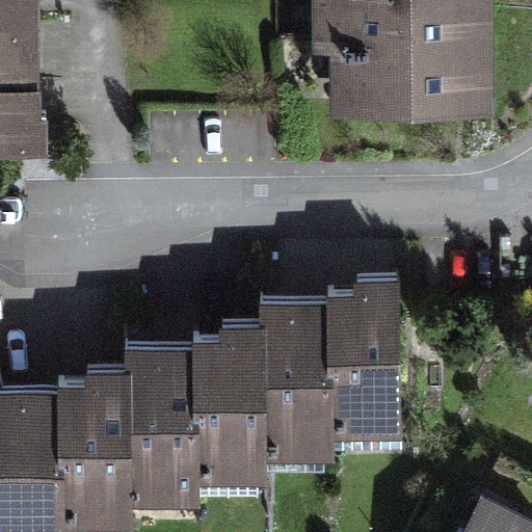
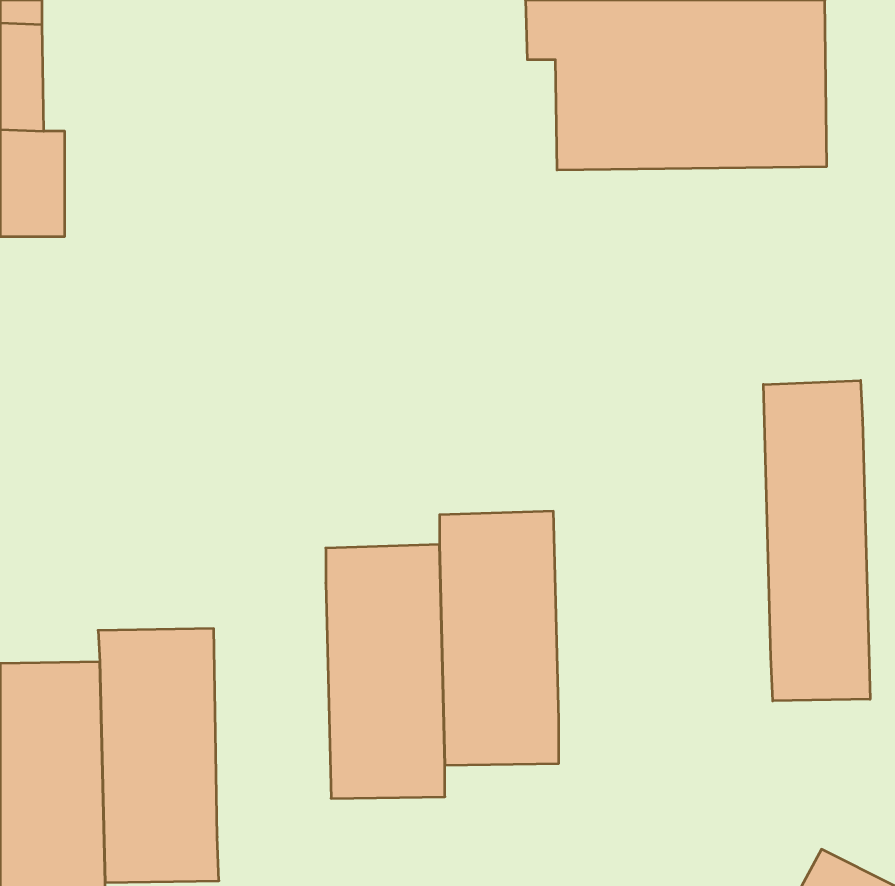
building: none -> [763,380,870,701]
building: [327,282,399,432] -> none
building: [126,351,197,502] -> none

